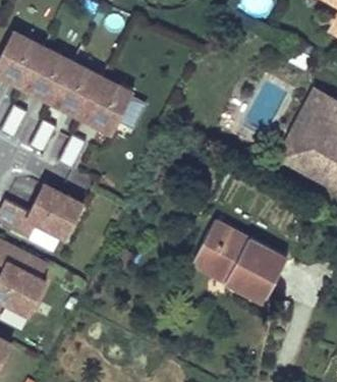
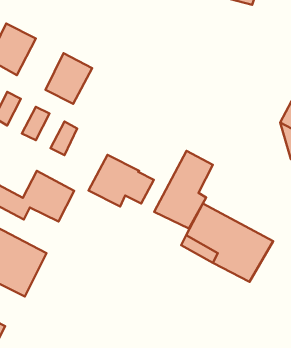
building: [23,48,71,101] -> none
building: [81,78,149,131] -> [89,155,154,206]
building: none -> [154,151,213,229]

